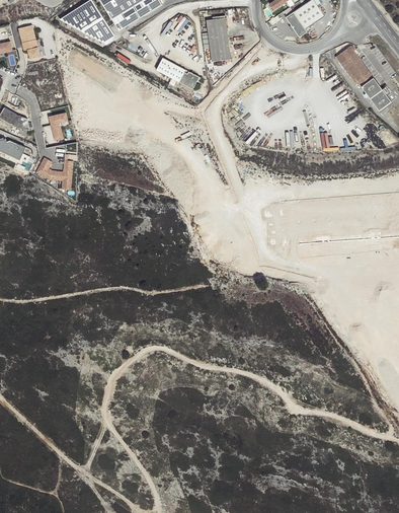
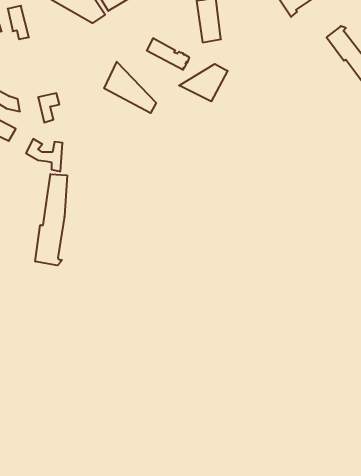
building: none -> [104,62,156,113]
building: none -> [179,64,228,101]
building: none -> [35,174,67,265]

